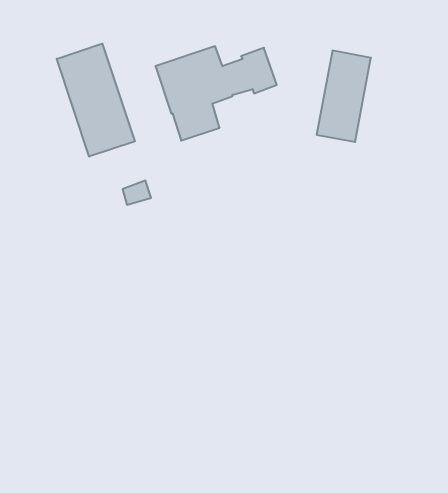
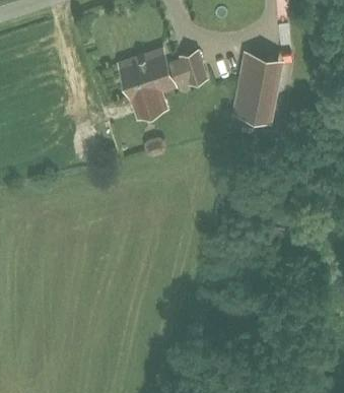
building: [57,44,135,157] -> none

